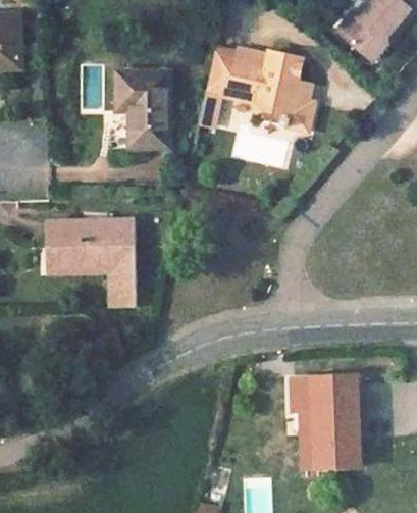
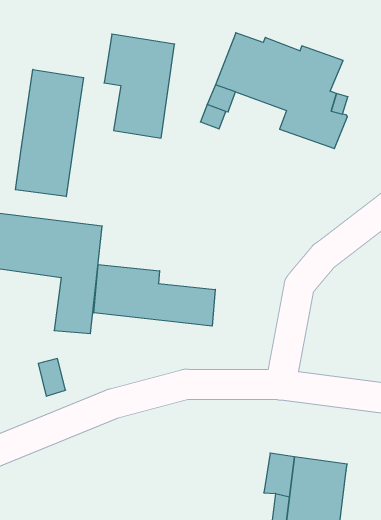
building: none -> [15,69,84,197]
building: none -> [94,264,215,326]

